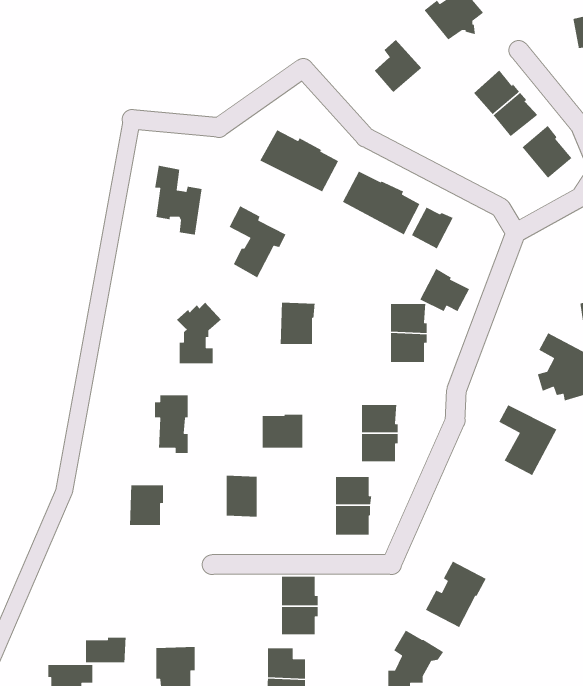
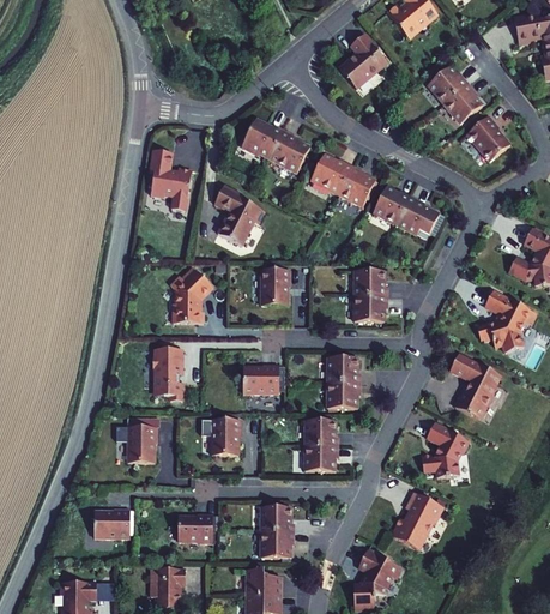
building: [419,268,470,312] -> [395,194,440,233]
building: none -> [418,423,464,478]
building: none -> [177,513,213,541]
building: [85,637,126,663] -> [95,508,131,531]

